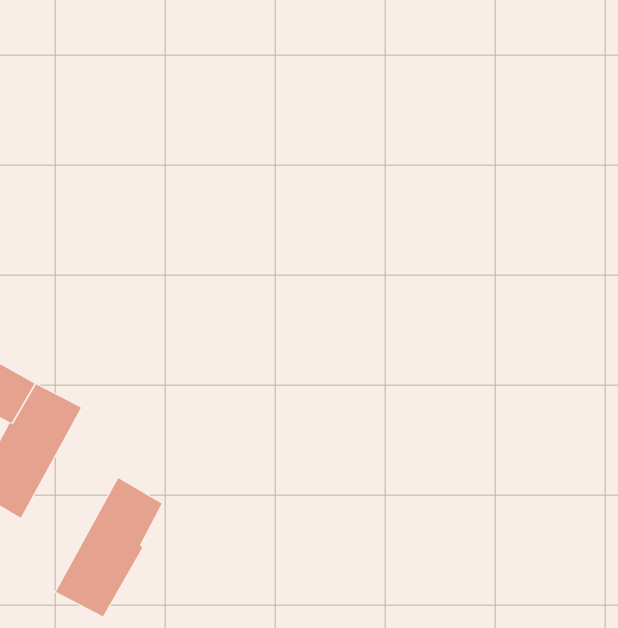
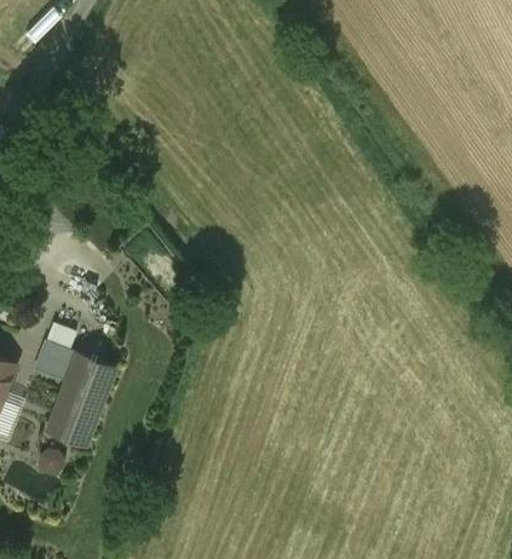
building: [55,477,163,617] -> none

